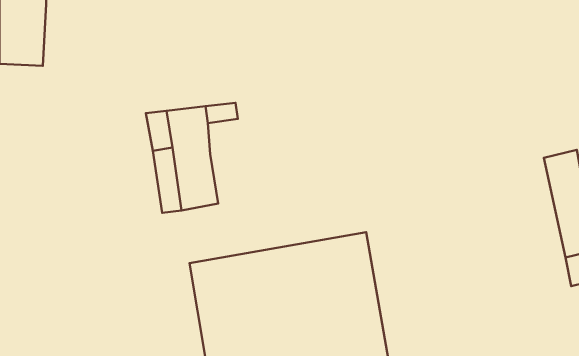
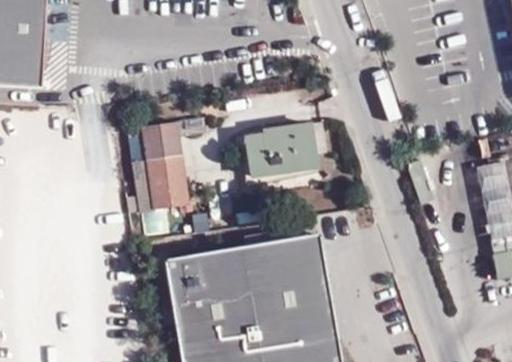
building: none -> [249,124,317,178]

